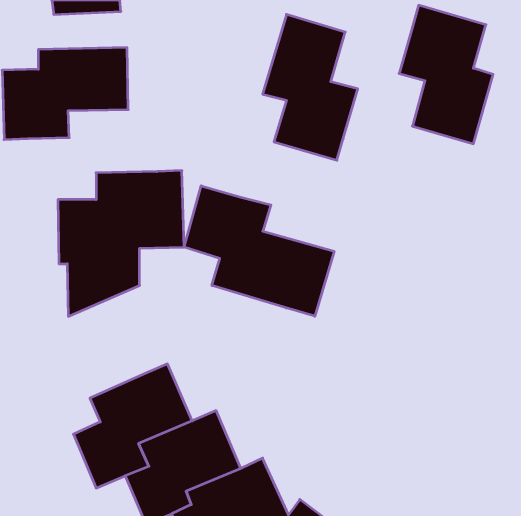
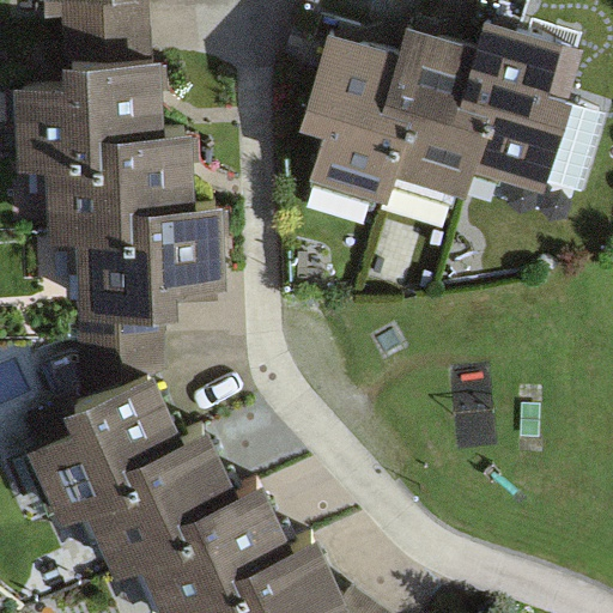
building: none -> [392,25,500,195]
building: none -> [41,140,190,247]
building: [184,186,334,316] -> none
building: none -> [29,383,177,532]

